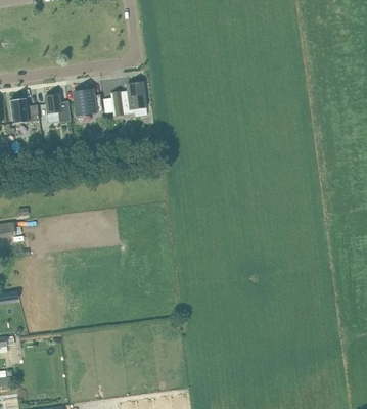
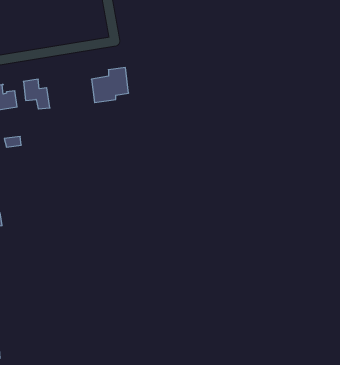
building: [73,89,102,115] -> none

